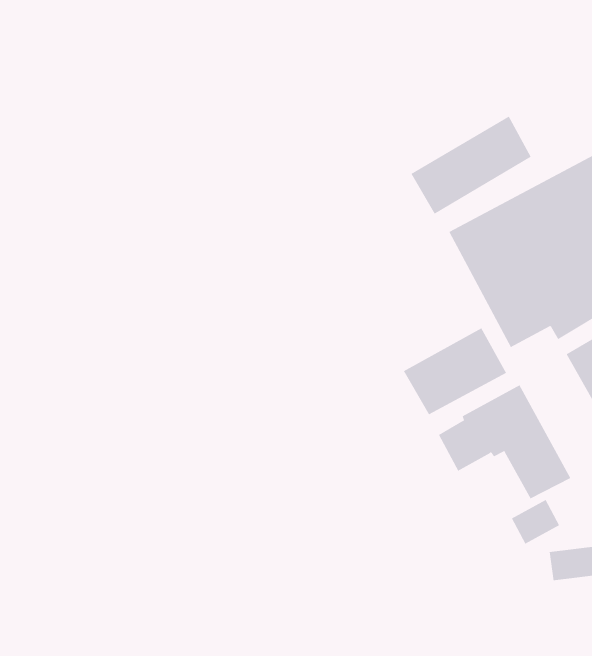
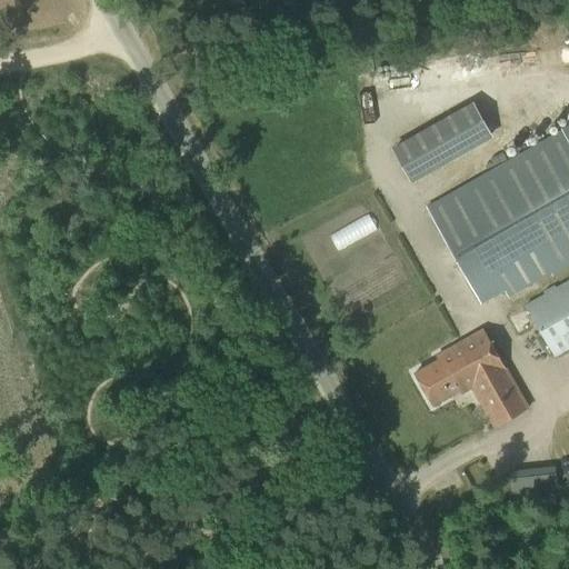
building: [403,328,507,415] -> none
building: [511,499,560,545] -> none

